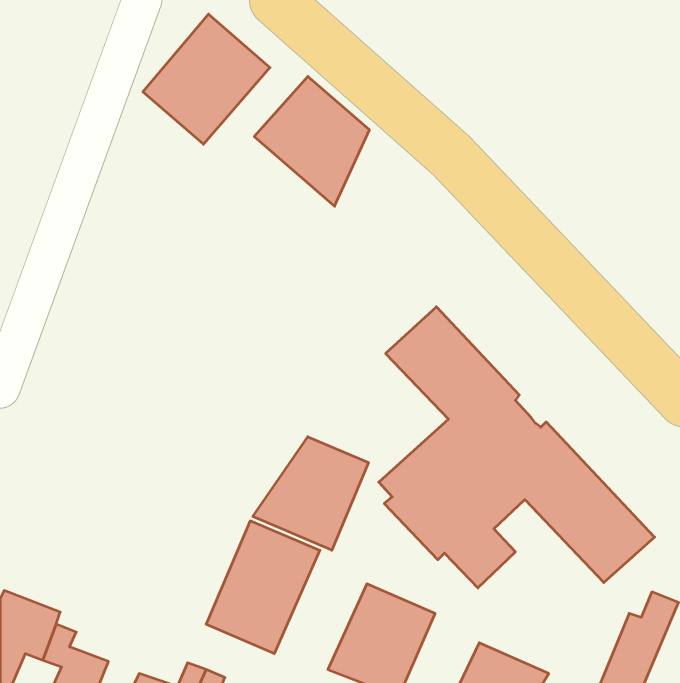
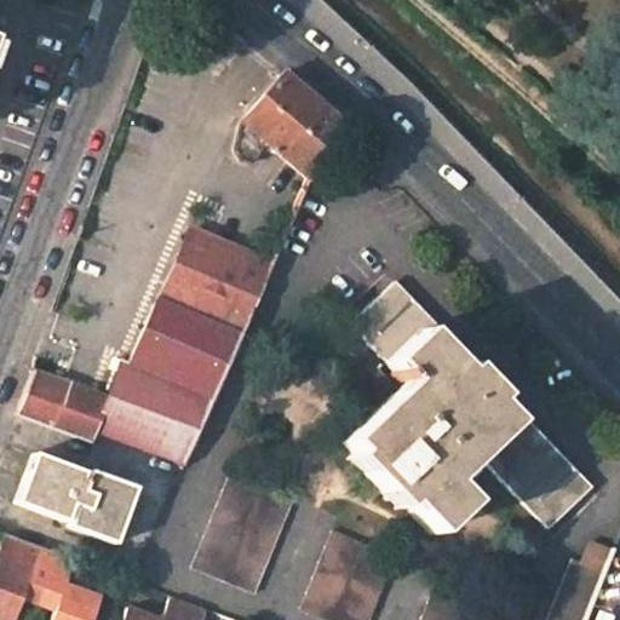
building: [143,14,270,144] -> none
building: none -> [15,224,286,464]
building: [253,437,368,550] -> none
building: none -> [15,454,133,541]

